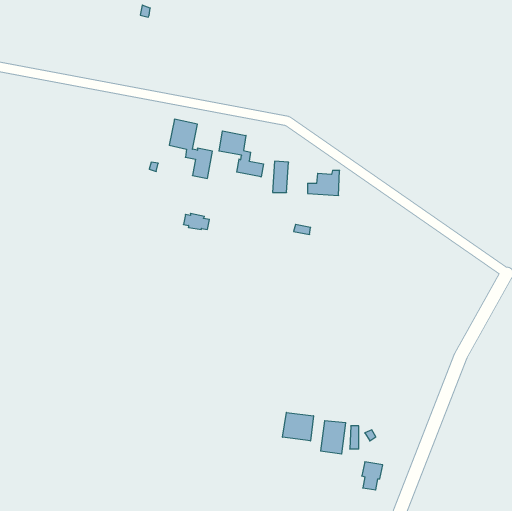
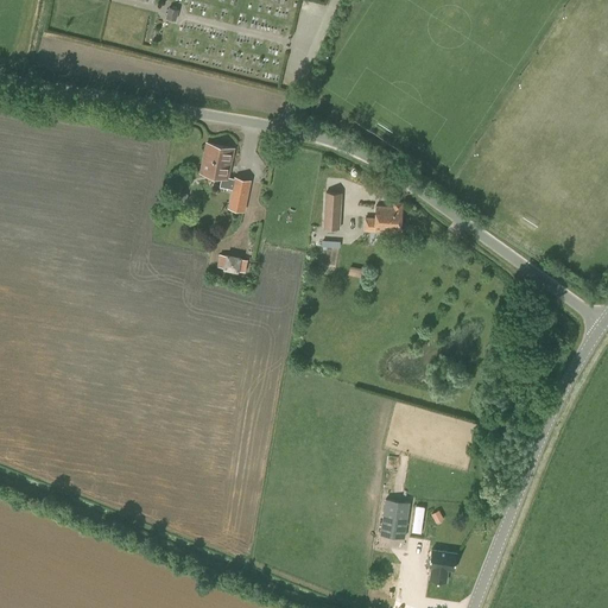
building: [219,131,263,177] -> none
building: [283,412,313,441] -> none

